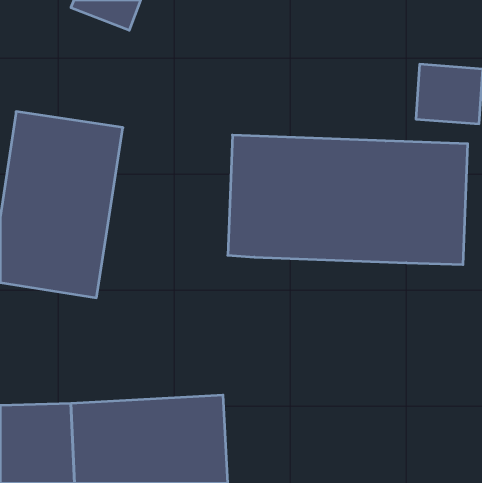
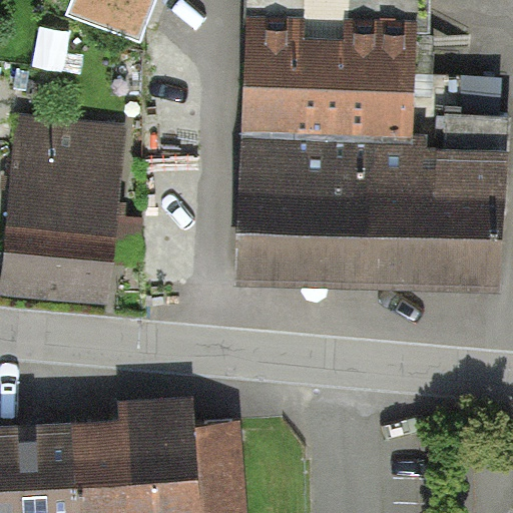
building: none -> [247,19,414,149]

